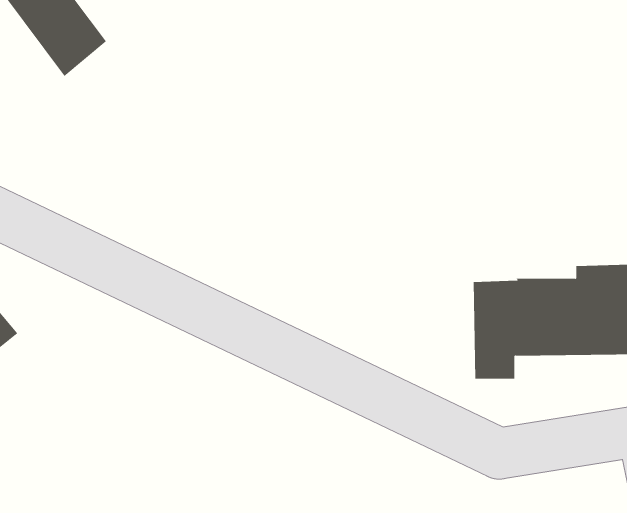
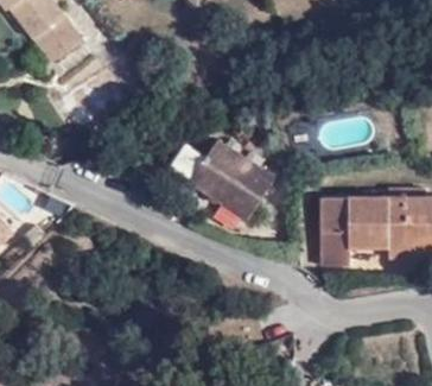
building: none -> [191,138,278,221]

